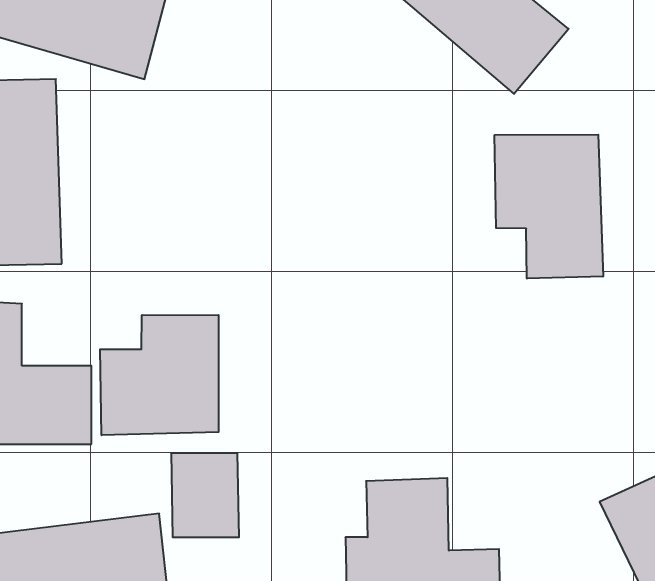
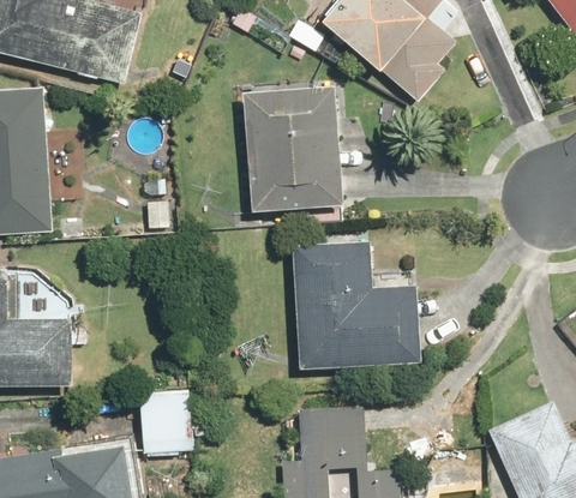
building: none -> [246,91,344,211]
building: [495,135,603,279] -> none
building: none -> [293,241,419,372]
building: [100,315,219,435] -> none

